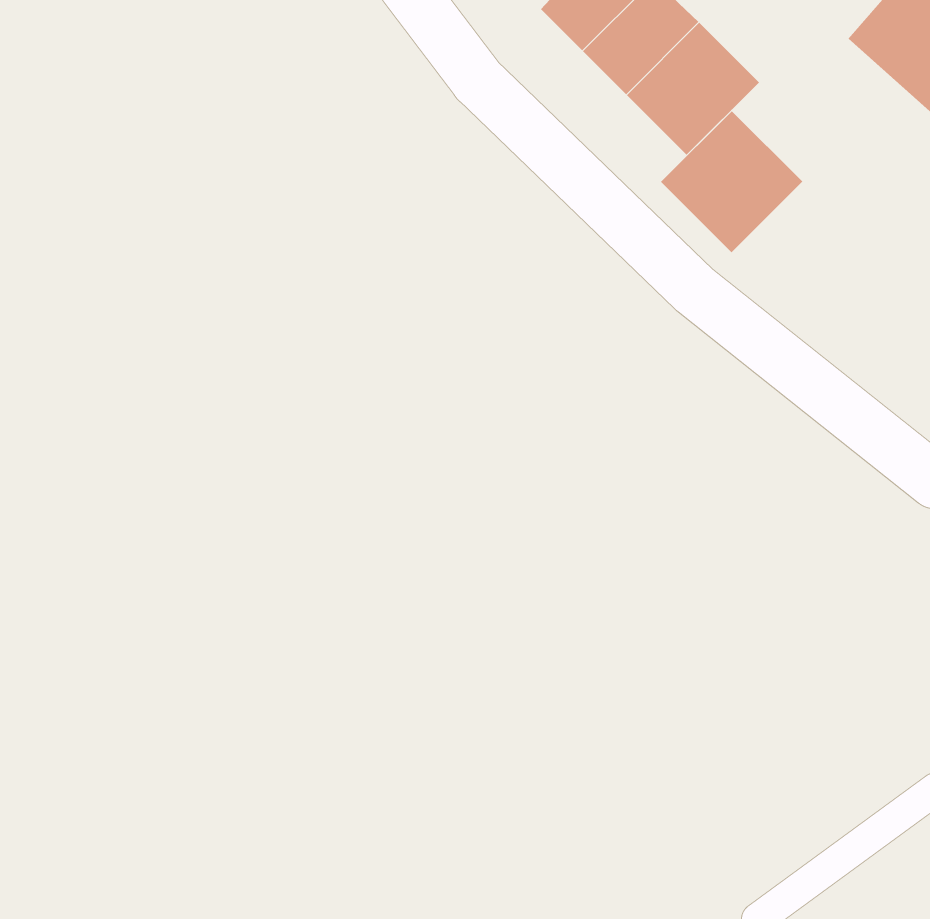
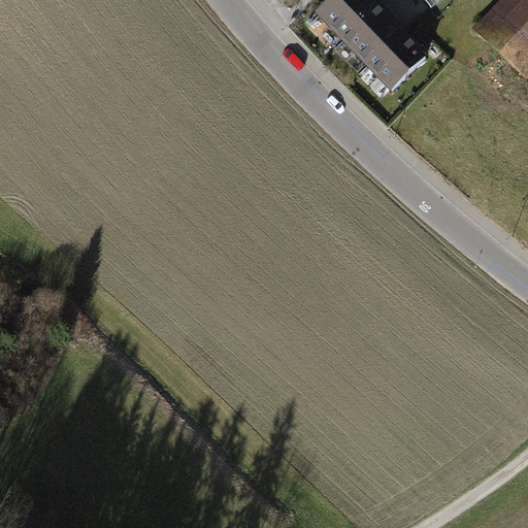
building: [660,110,803,253] -> none

